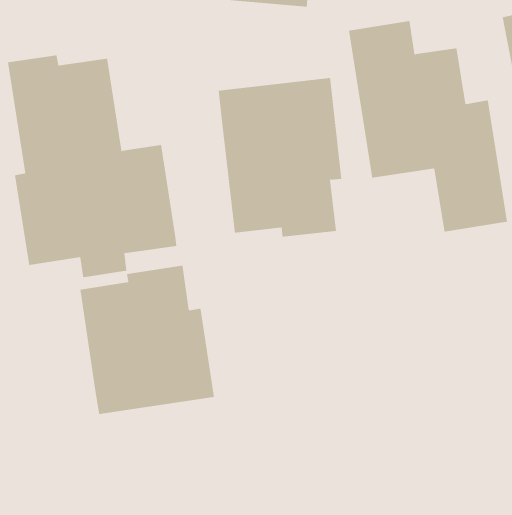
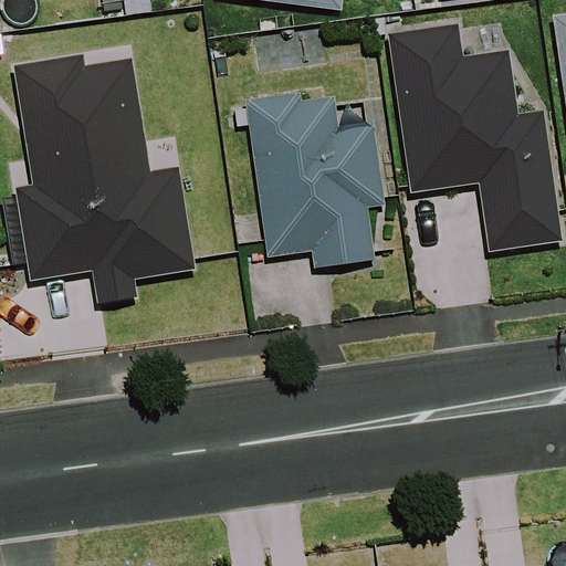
building: [80,265,215,415] -> none

